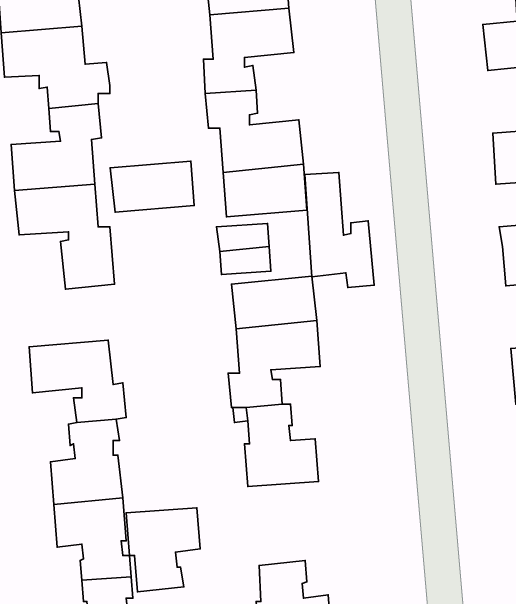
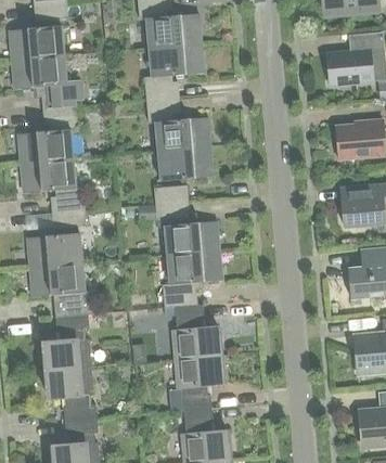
building: [110,161,194,212] -> [26,232,81,266]
building: [305,173,374,287] -> none
building: [126,508,200,592] -> [173,355,222,410]

